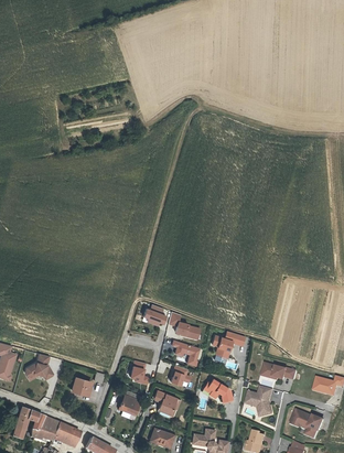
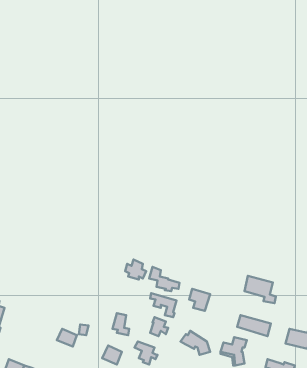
building: none -> [245,276,276,303]
building: [24,354,55,381] -> none

